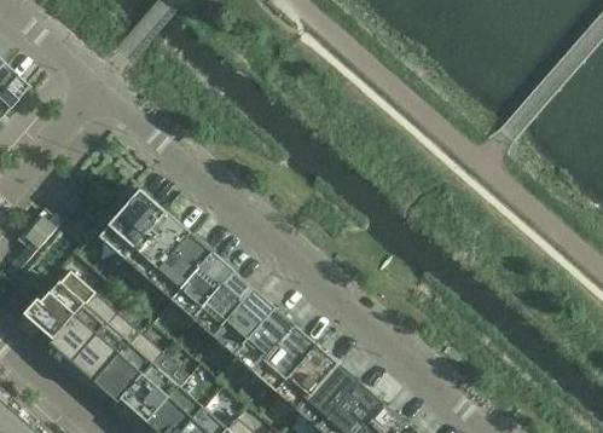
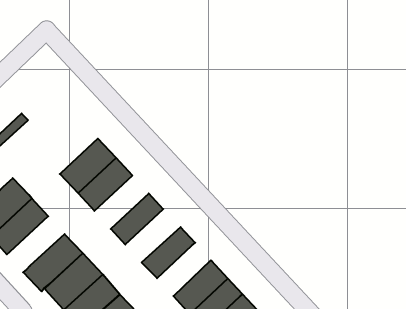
building: [98,189,164,259] -> none
building: [161,252,232,327] -> none
building: [210,288,274,354] -> none
building: [70,311,137,381] -> none
building: [253,324,315,391] -> none

